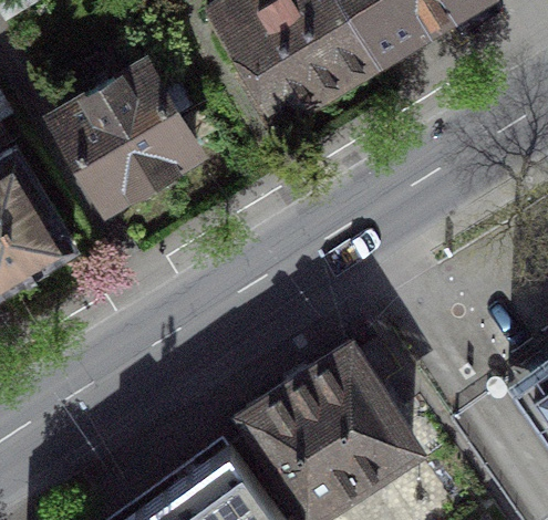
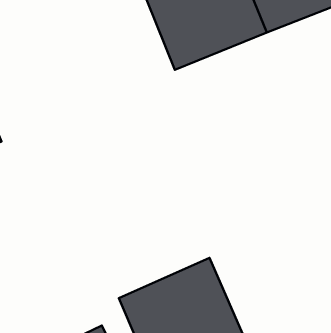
building: [56,65,195,204] -> none

